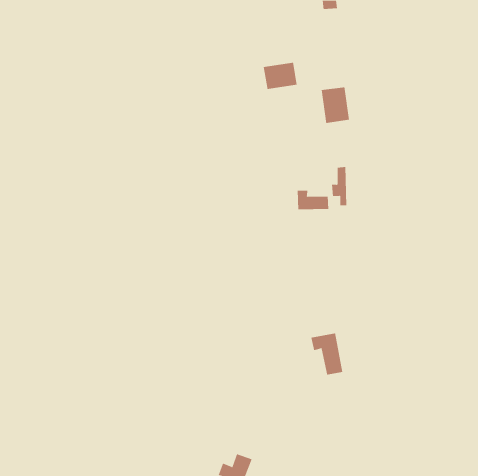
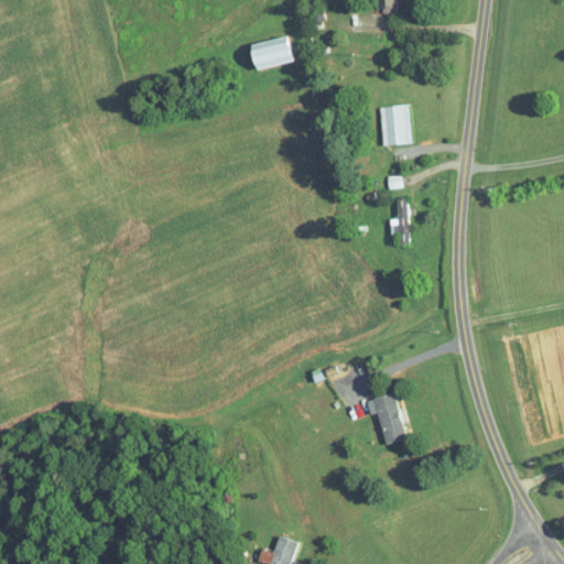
building: [263,62,298,89] -> [252,37,293,69]
building: [297,190,329,210] -> none

